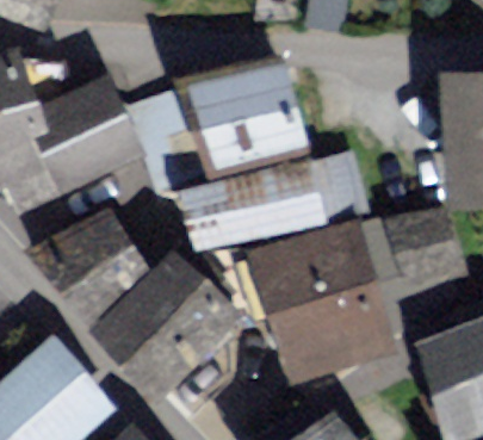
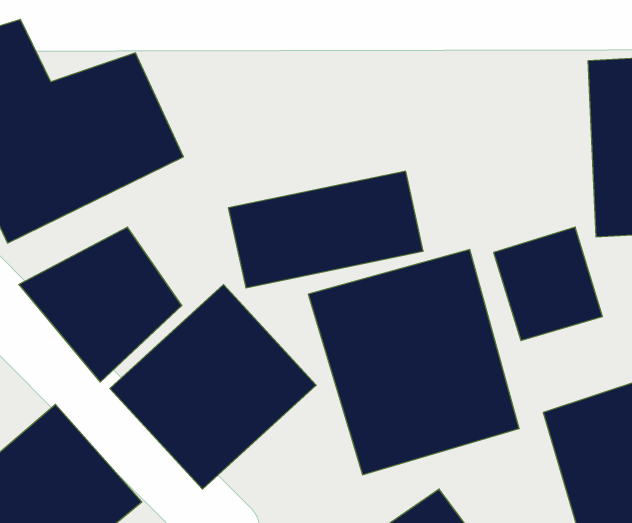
building: [181,55,312,180] -> none

